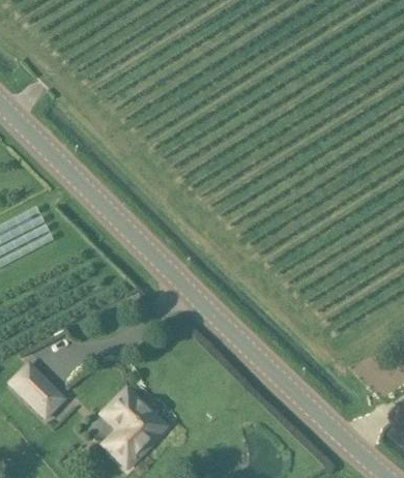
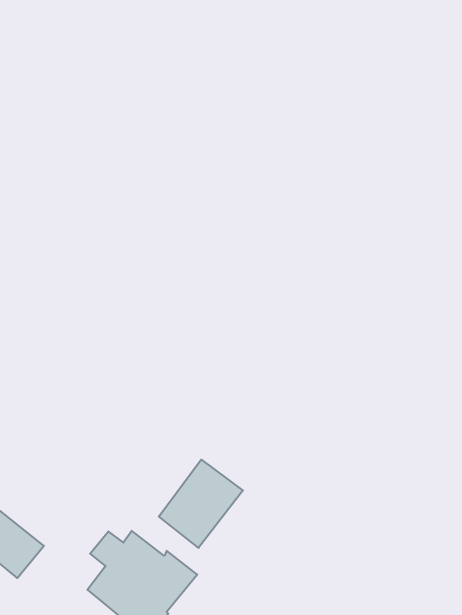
building: none -> [159,460,243,548]

